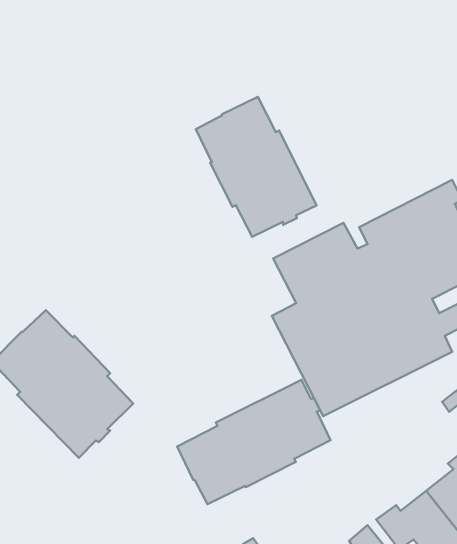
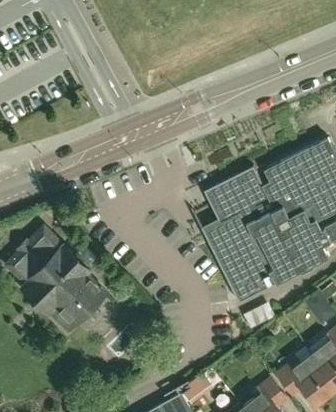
building: [196,97,317,237] -> none
building: [177,380,331,504] -> none

